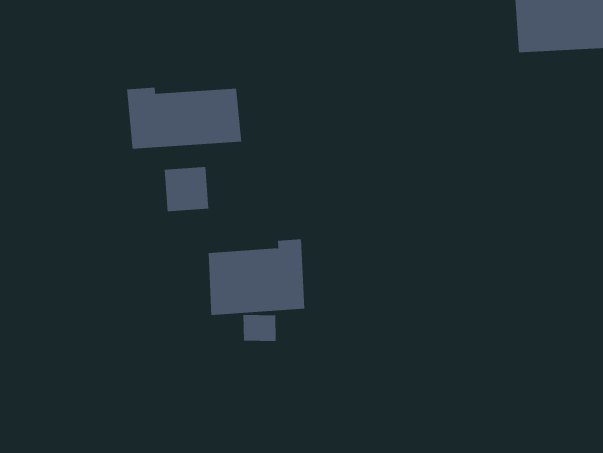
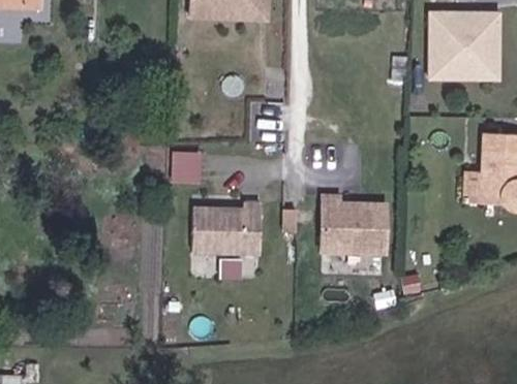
building: [126,87,242,150] -> none
building: none -> [325,193,391,250]

